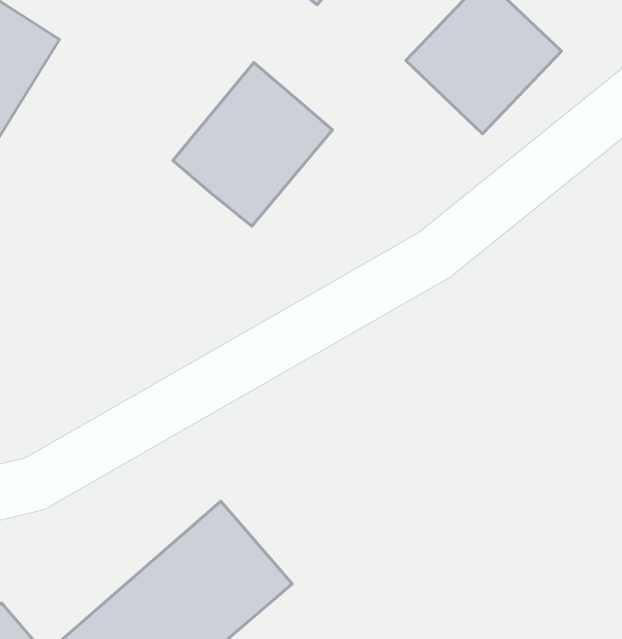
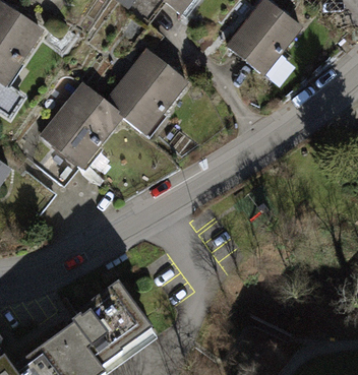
building: none -> [39,79,124,167]

